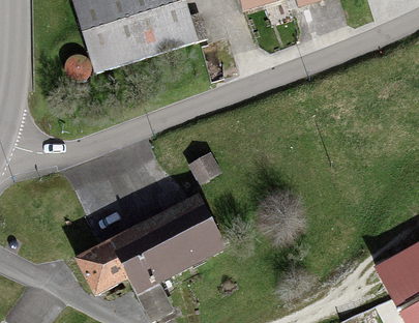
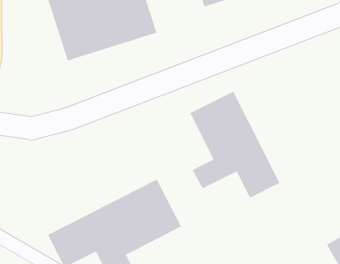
building: none -> [190,91,280,198]

